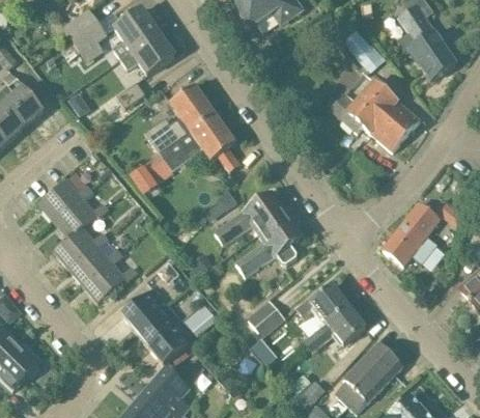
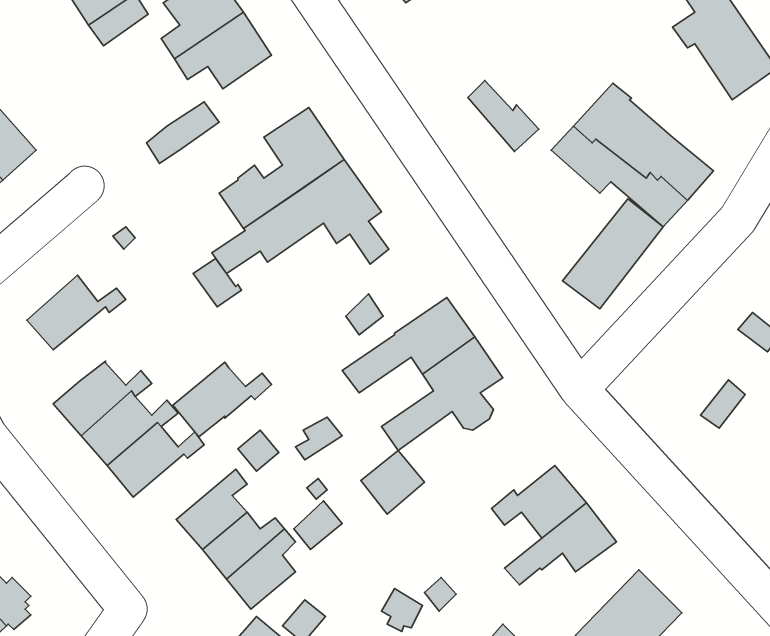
building: [345,30,385,69] -> [468,81,539,151]
building: [53,196,108,238] -> [173,362,272,437]
building: [383,203,439,264] -> [563,199,663,309]
building: [248,301,283,336] -> [361,451,424,514]

